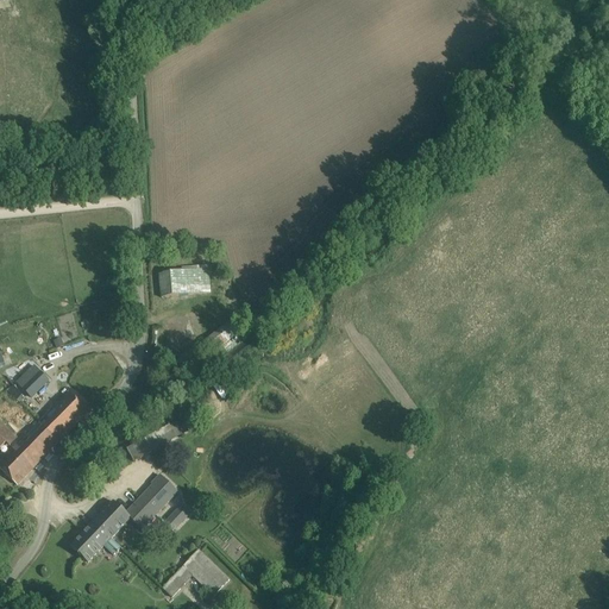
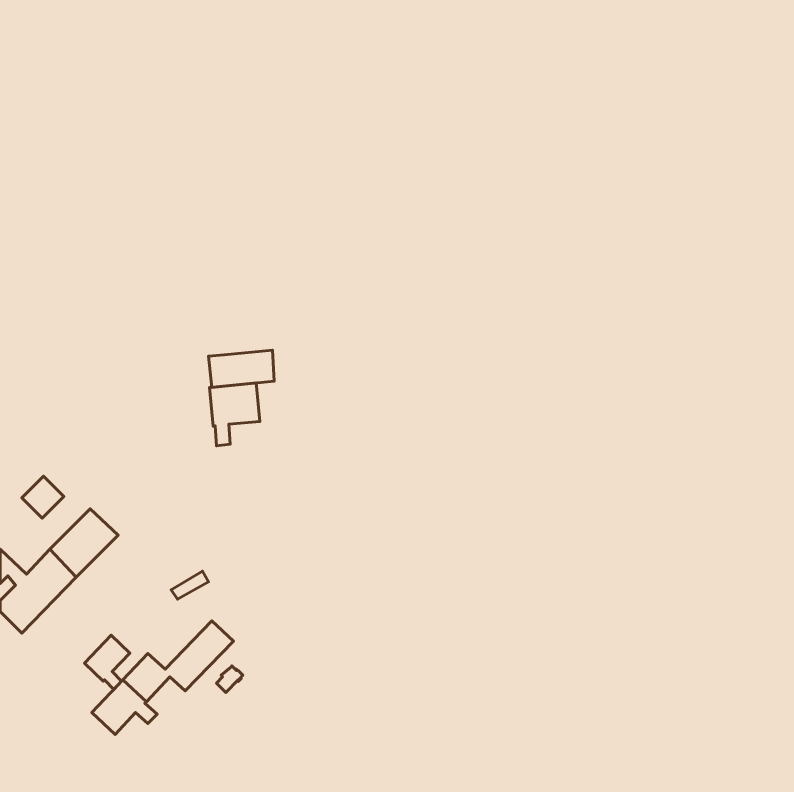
building: none -> [210,383,260,446]
building: none -> [85,635,130,690]
building: [163,548,231,596] -> none

